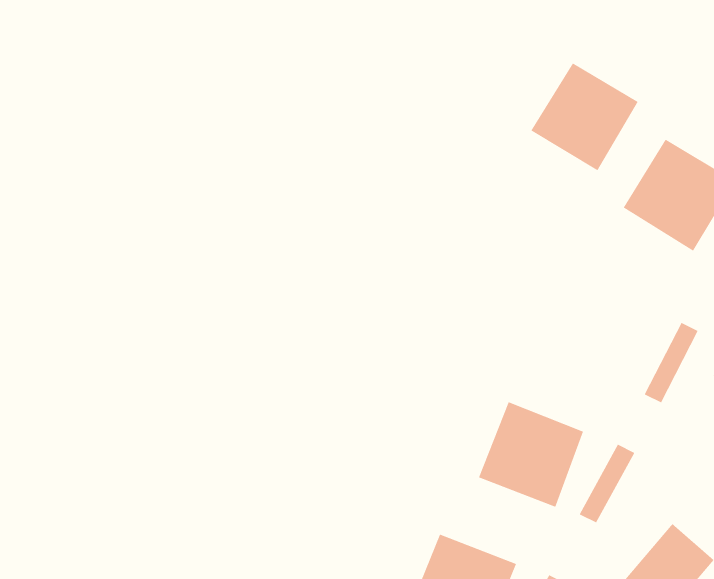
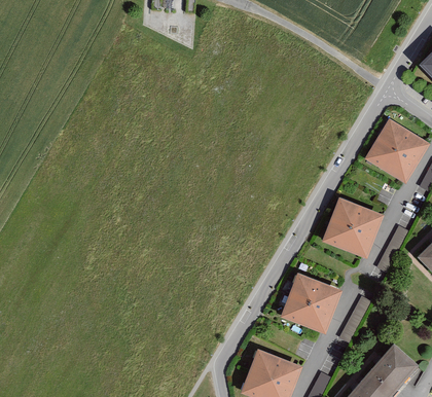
building: [531,63,639,171] -> none
building: none -> [322,197,384,259]

